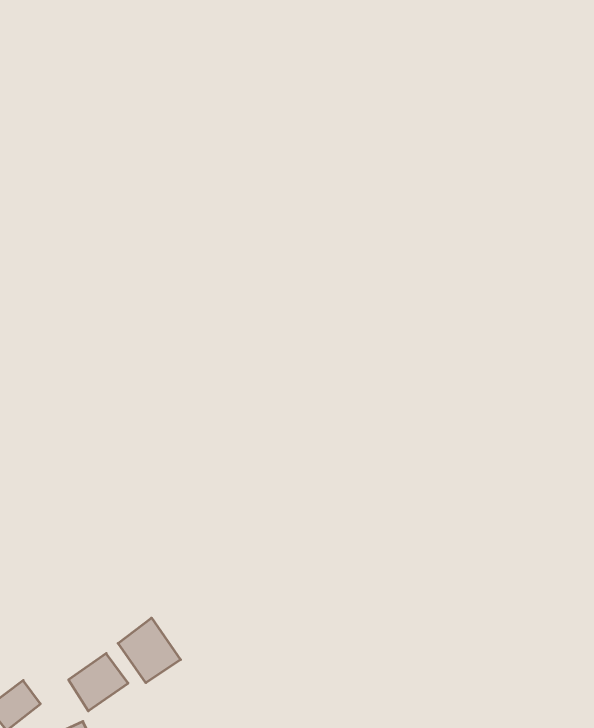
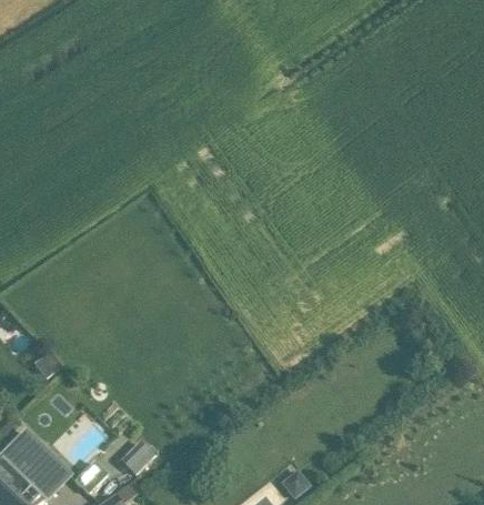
building: [118,618,181,683] -> none

